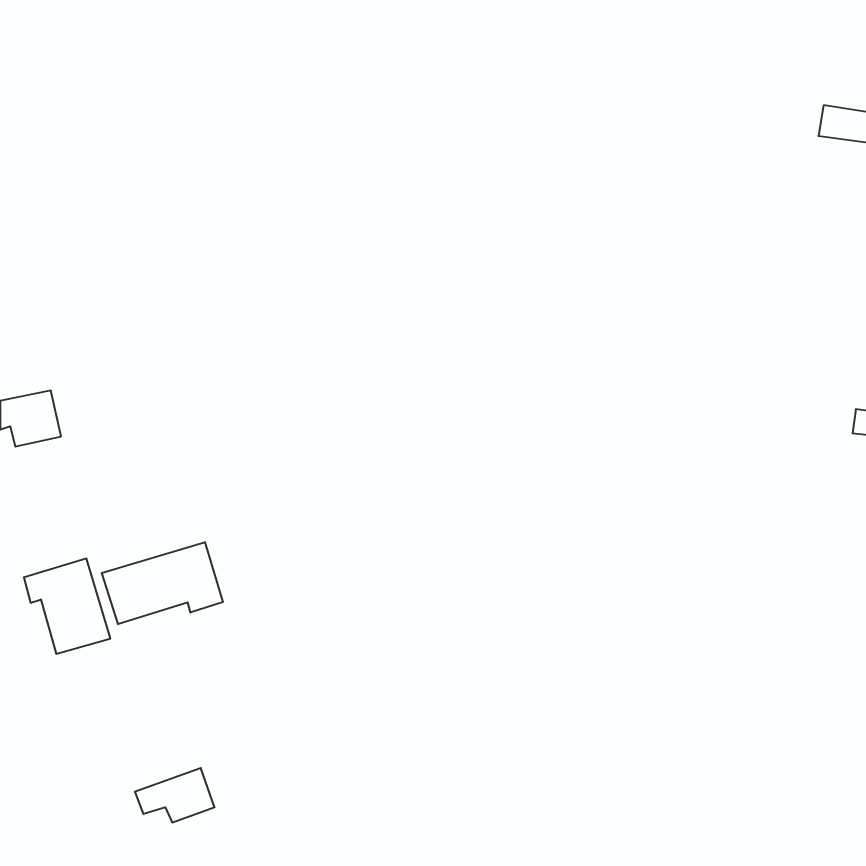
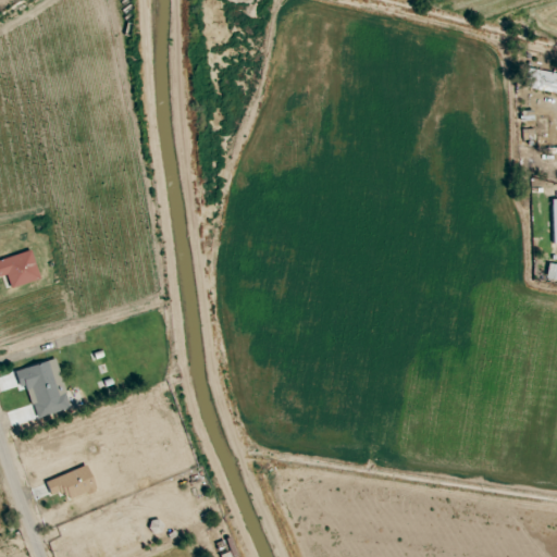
building: [102,542,223,624] -> none
building: [135,768,215,822] -> [46,465,97,499]

